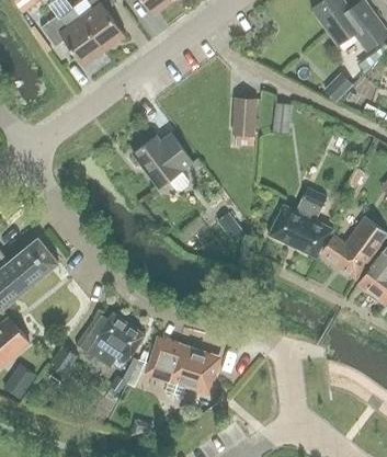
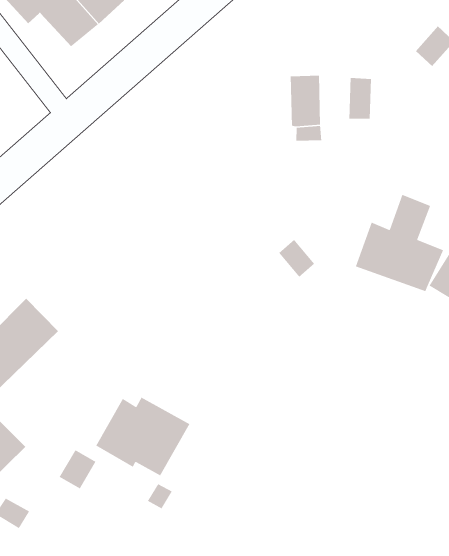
building: [133,133,192,187] -> none
building: [145,338,218,391] -> none

